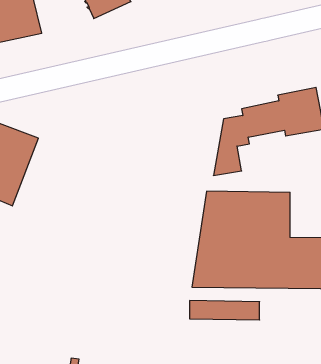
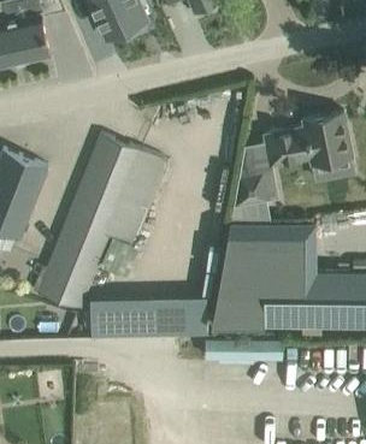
building: none -> [39,137,164,309]
building: none -> [93,296,211,337]

